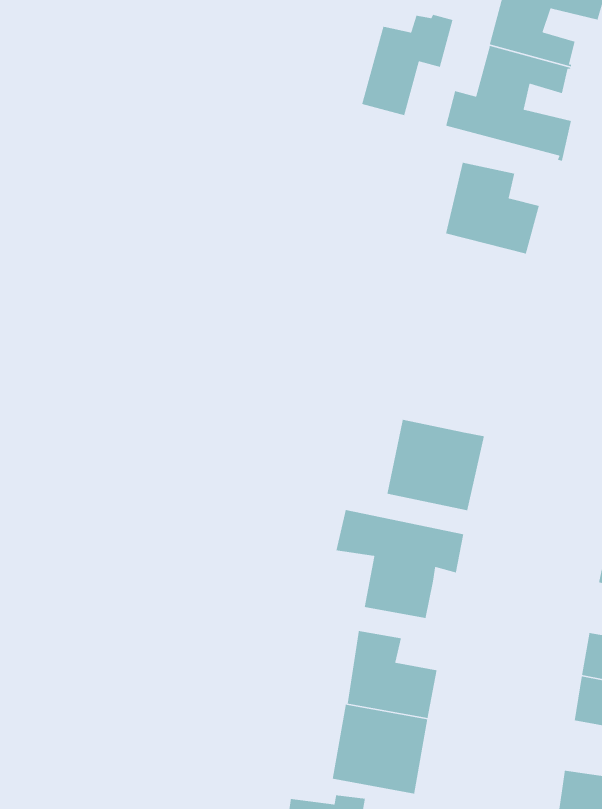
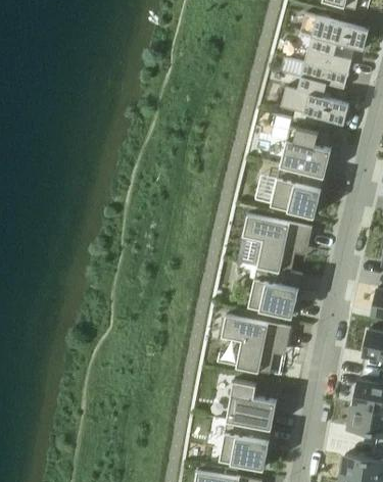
building: [361,14,453,116] -> none
building: none -> [270,166,324,218]
building: none -> [242,215,312,274]

